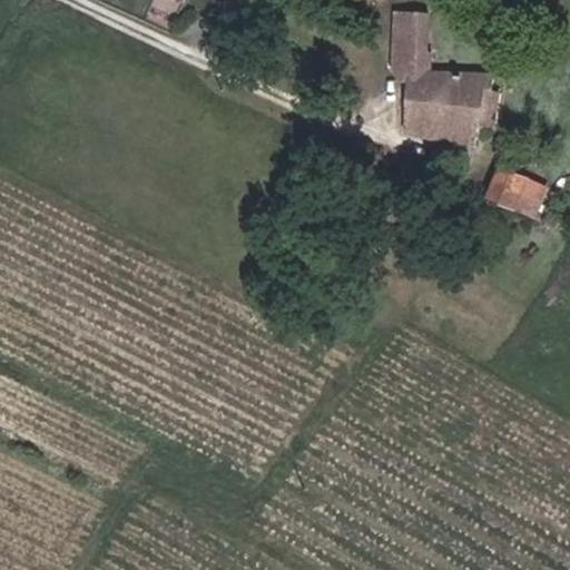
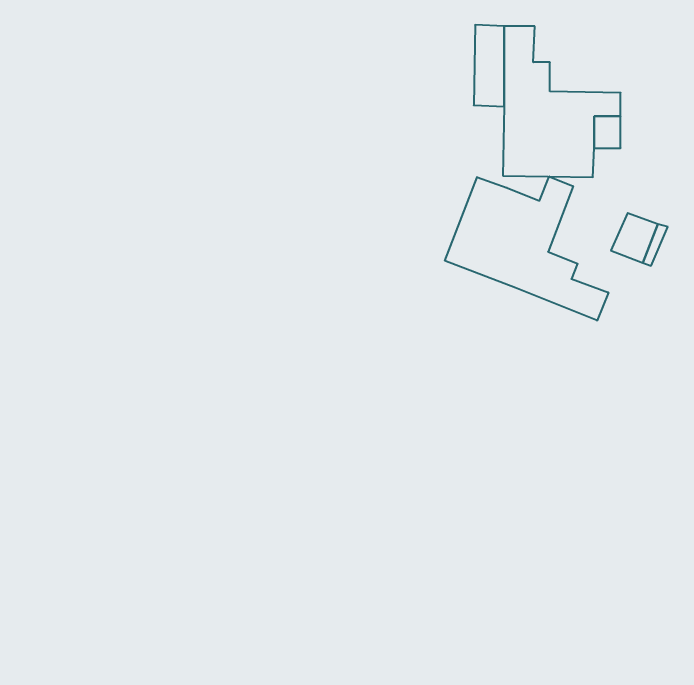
building: none -> [445,176,608,321]

